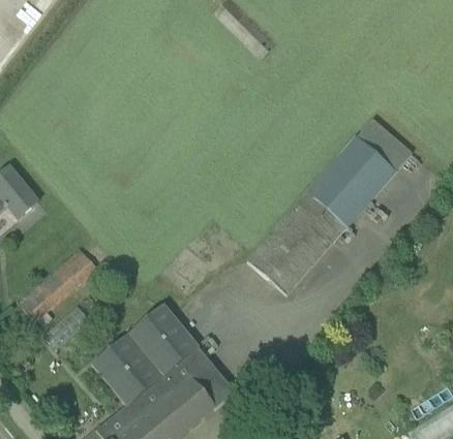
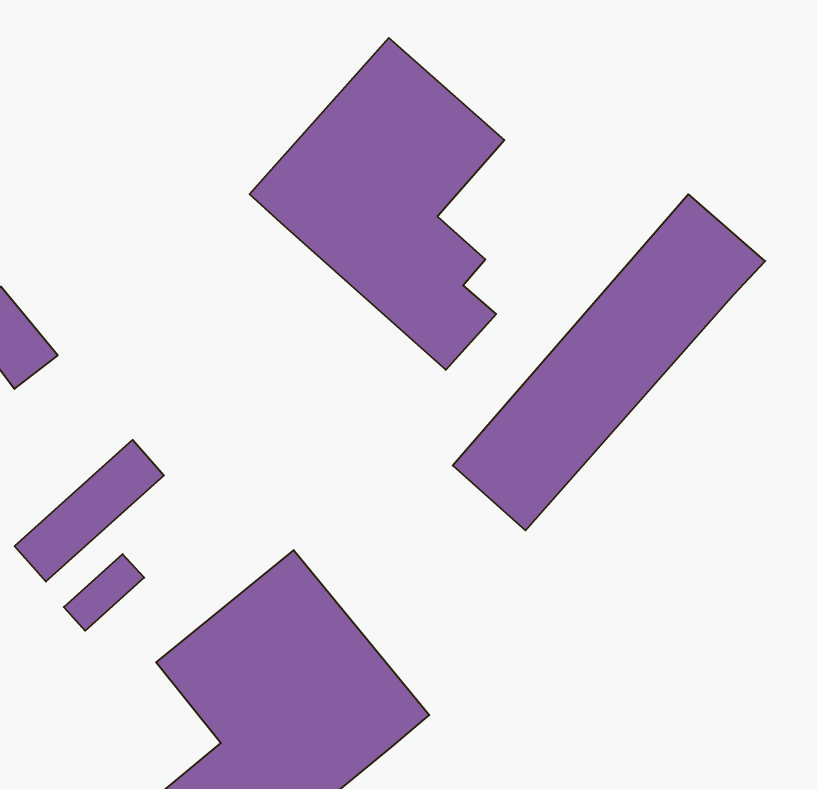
building: none -> [250,38,504,370]

